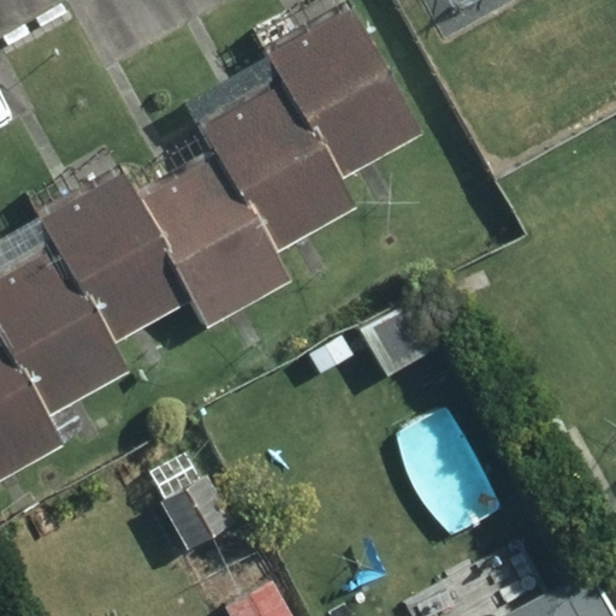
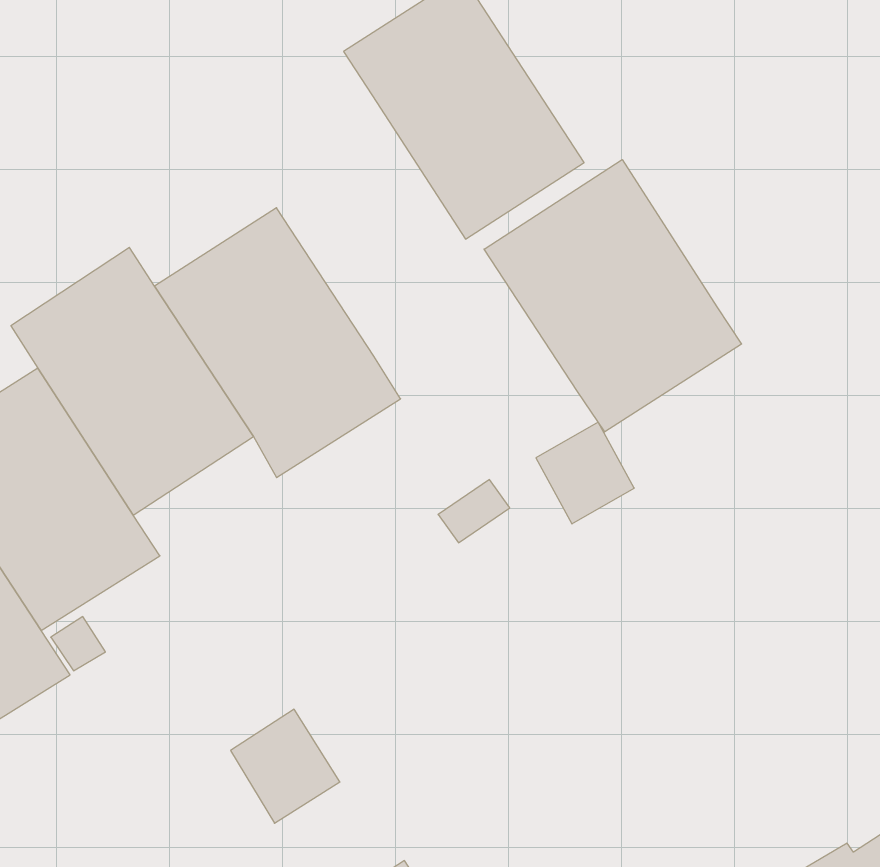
building: [199,82,350,251] -> none
building: none -> [484,160,742,432]

